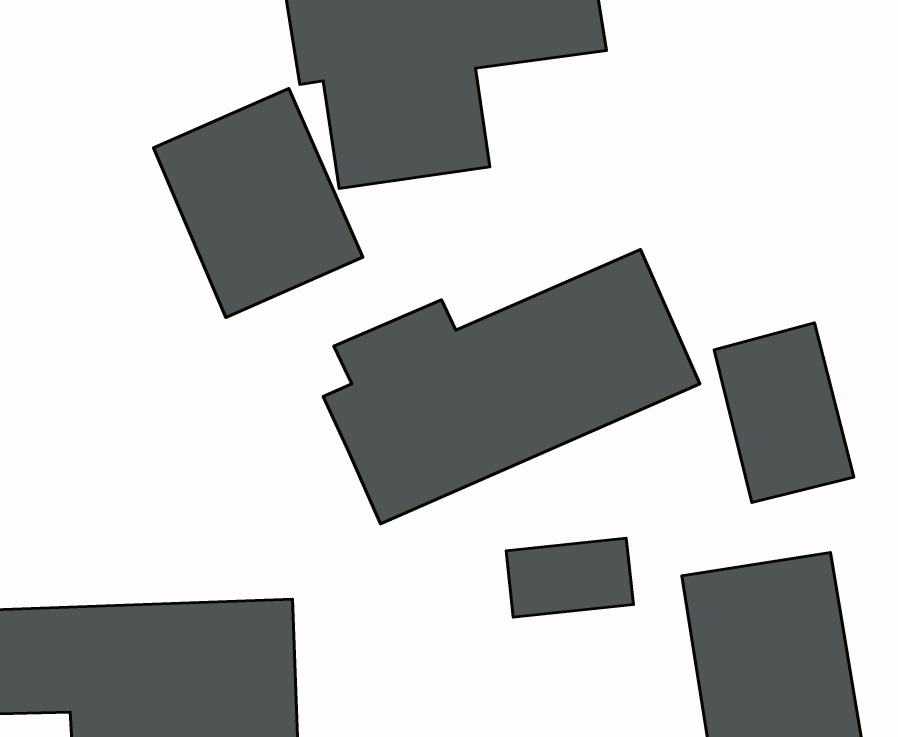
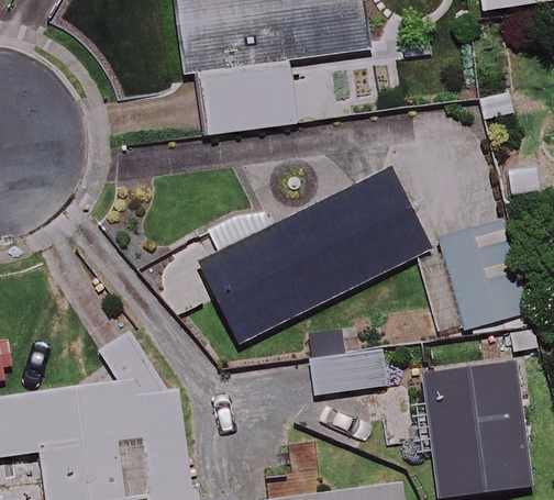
building: [154,88,363,318] -> none

